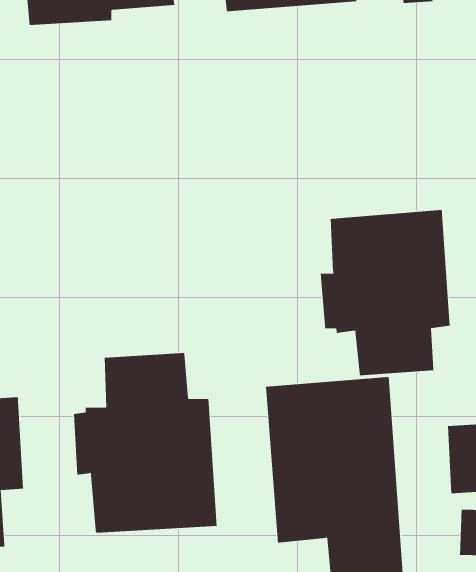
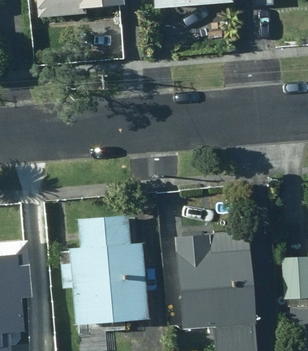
building: [320,209,450,376] -> none

